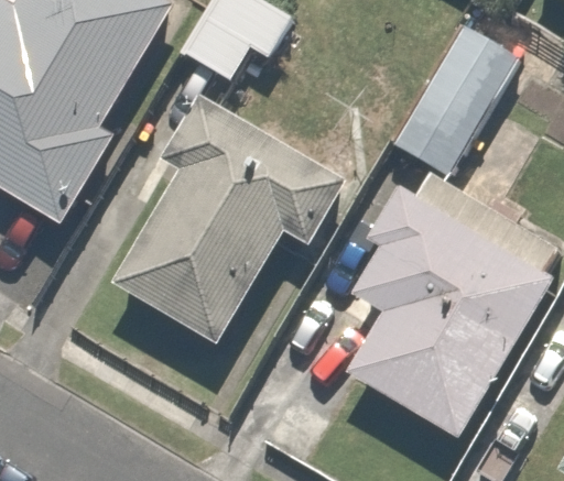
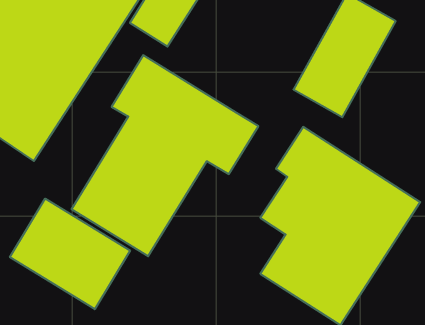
building: none -> [10,199,130,309]

